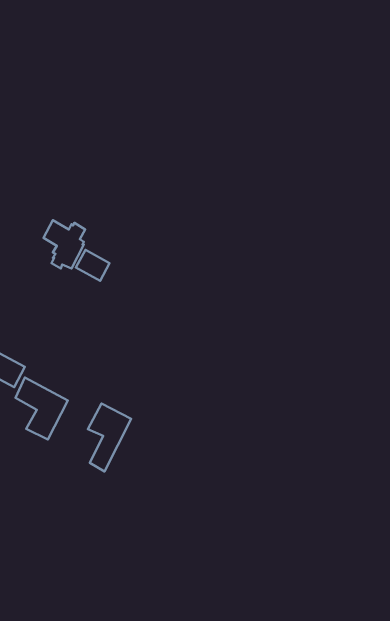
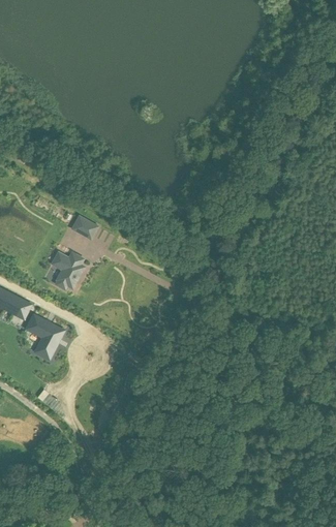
building: [43,220,85,269] -> [50,250,82,287]
building: [88,404,131,471] -> none

